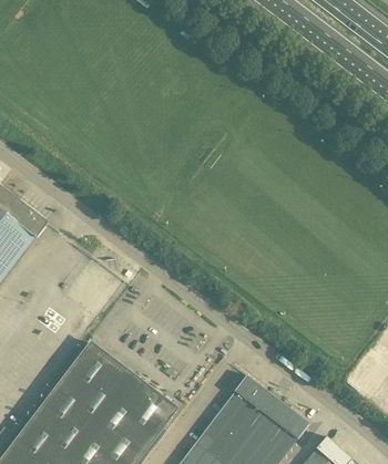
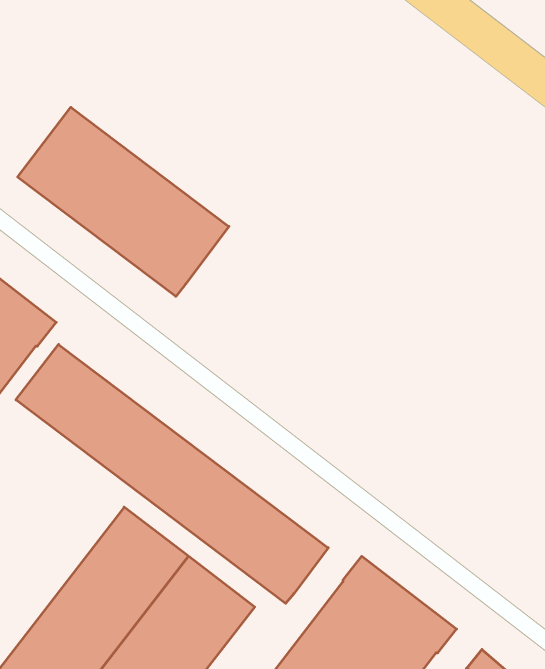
building: none -> [18,107,229,296]
building: none -> [16,344,328,603]

